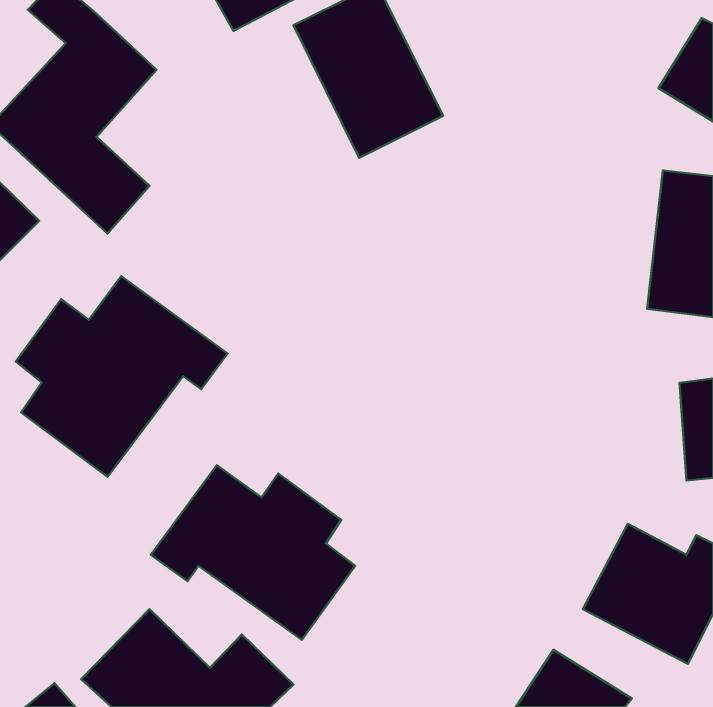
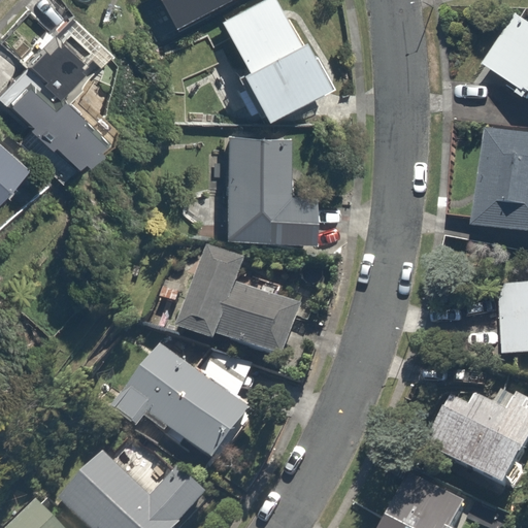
building: none -> [222,133,318,240]
building: [16,276,227,477] -> none
building: none -> [176,245,307,369]

